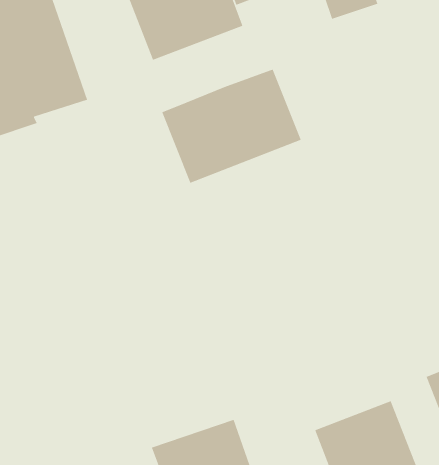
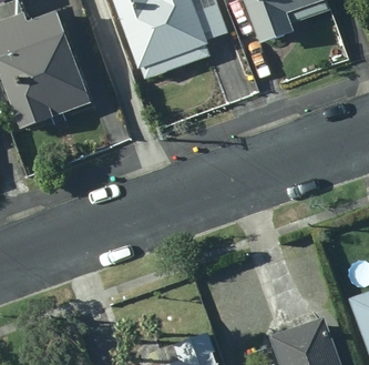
building: [161,68,302,184] -> none

